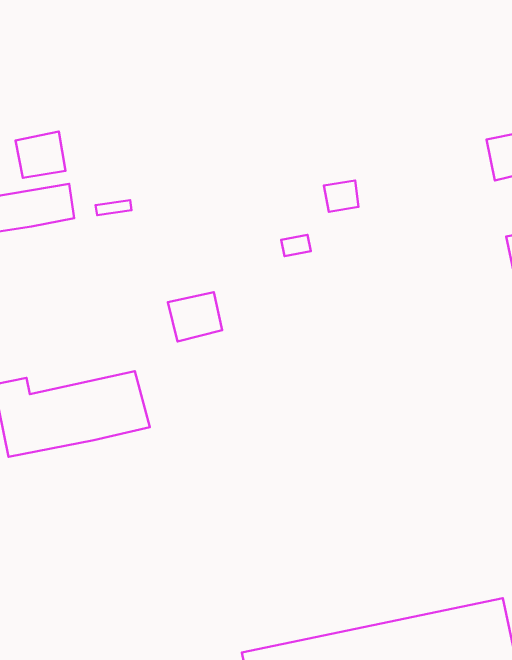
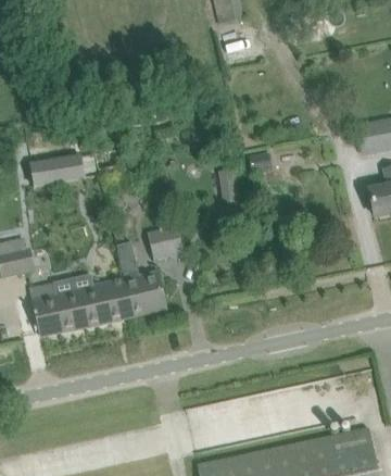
building: [15,132,66,178] -> none
building: none -> [117,241,166,315]

